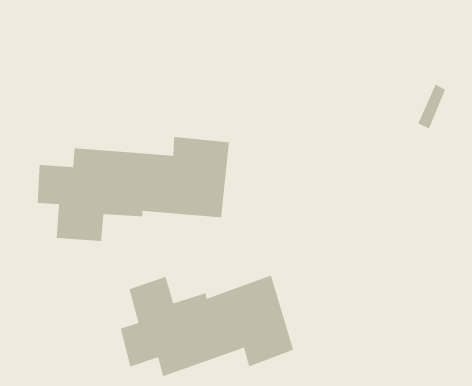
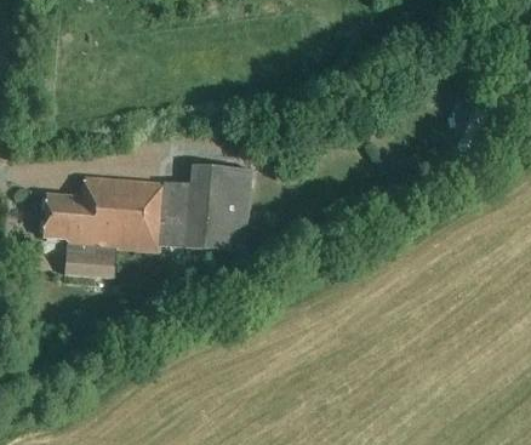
building: [120,274,294,377] -> none

